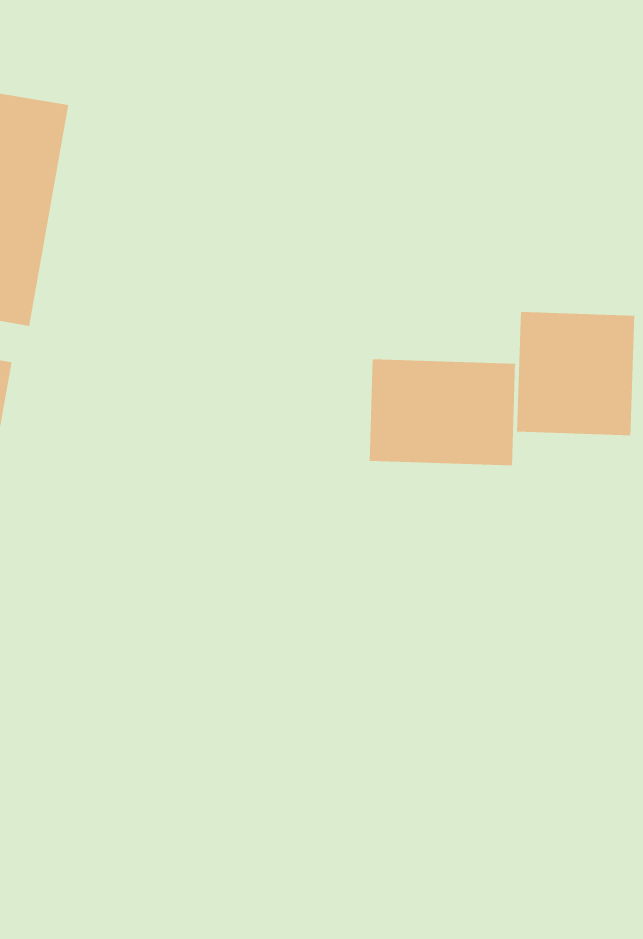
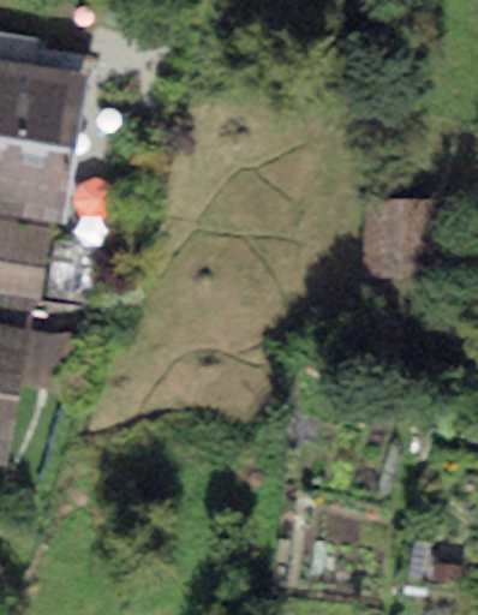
building: [369,358,516,466] -> none

